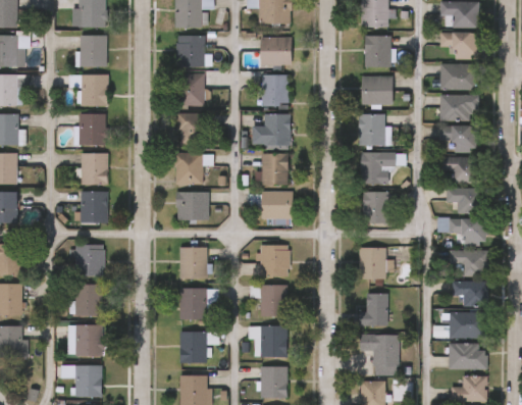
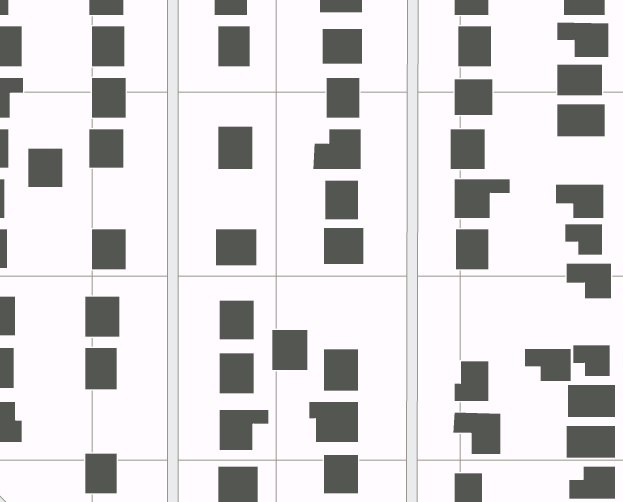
building: [178,72,204,106] -> none
building: [439,125,471,152] -> none
building: [175,152,202,184] -> none
building: [81,153,108,184] -> [27,148,63,188]
building: [260,244,289,275] -> [271,330,308,370]
building: [360,248,385,280] -> none
building: [450,250,486,275] -> [524,349,572,381]
building: [67,325,101,355] -> none

